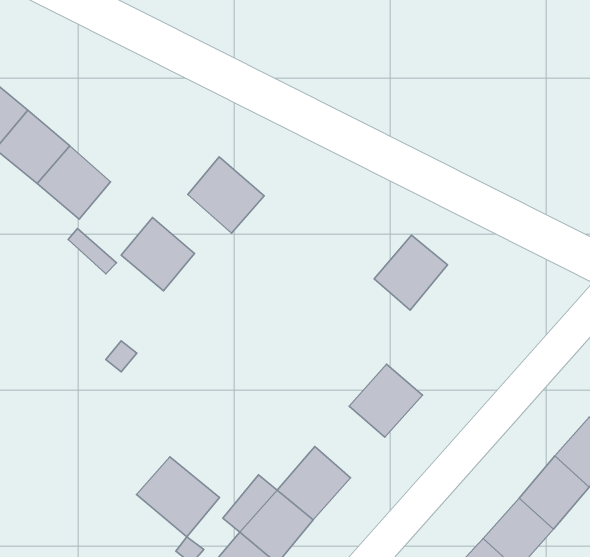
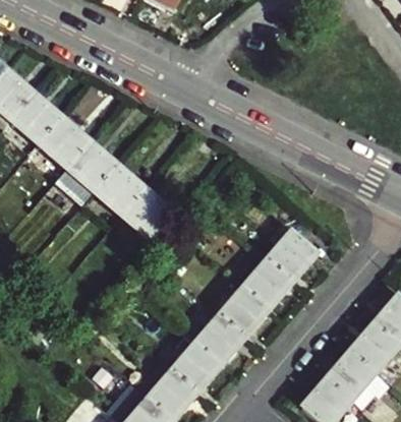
building: [188,157,264,233] -> [121,188,171,238]
building: none -> [66,141,114,189]
building: [374,235,448,310] -> [267,232,314,281]
building: none -> [220,288,266,335]
building: [136,457,220,537] -> none

